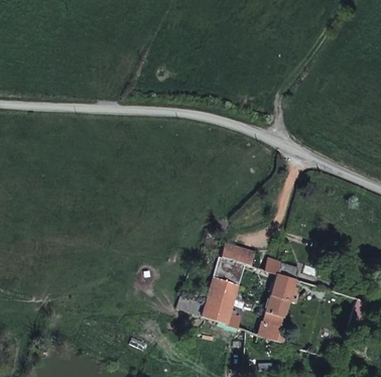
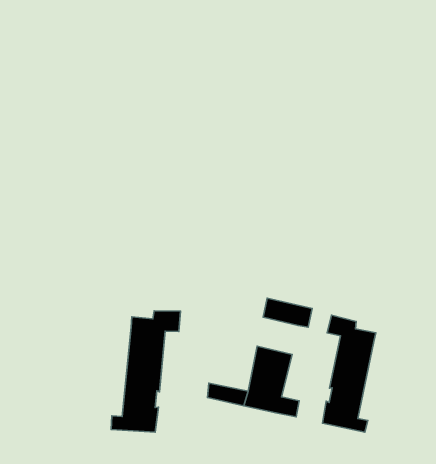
building: none -> [111,311,180,432]
building: [215,255,245,283] -> none

